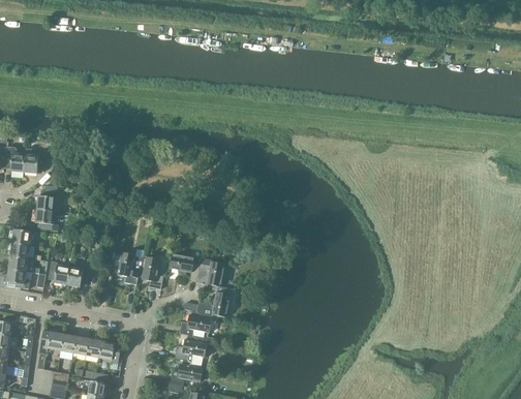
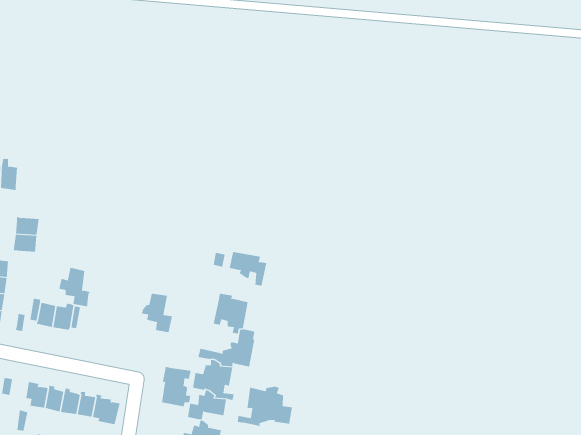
building: [113,251,139,283] -> [58,267,90,307]
building: [168,253,200,281] -> [229,251,267,286]
building: none -> [162,366,191,407]
building: none -> [237,386,292,427]

